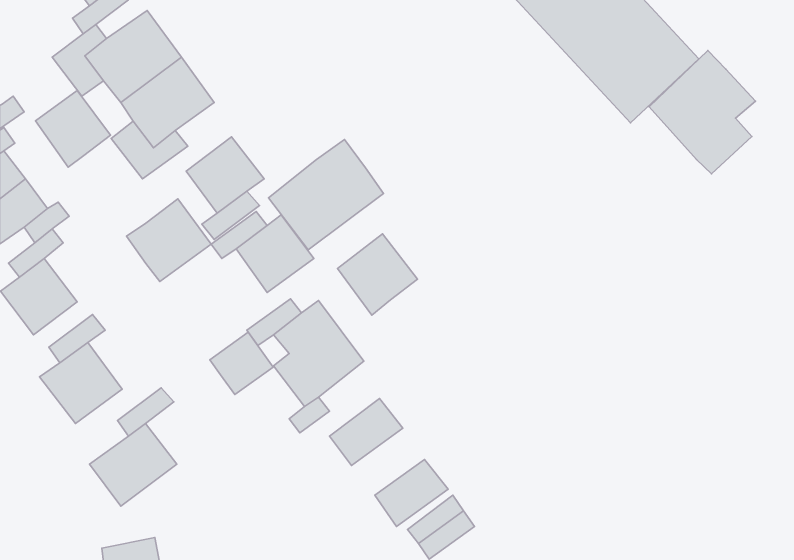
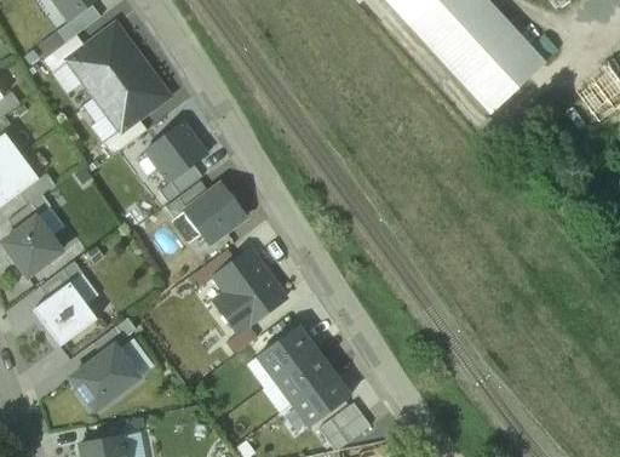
building: [649,50,755,174] -> none
building: [35,90,111,167] -> none
building: [268,140,383,250] -> none
building: [126,199,211,281] -> none
building: [337,234,417,315] -> none
building: [210,332,273,395] -> none
building: none -> [275,349,332,401]

